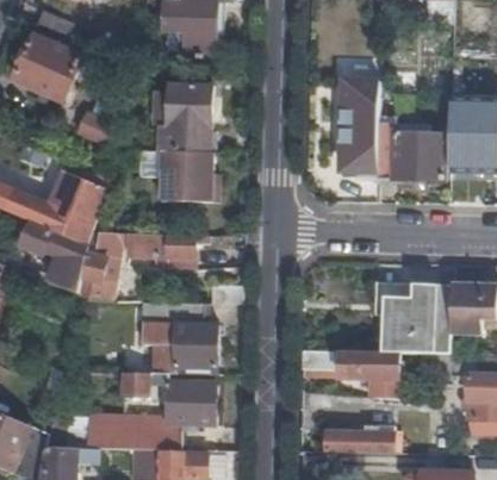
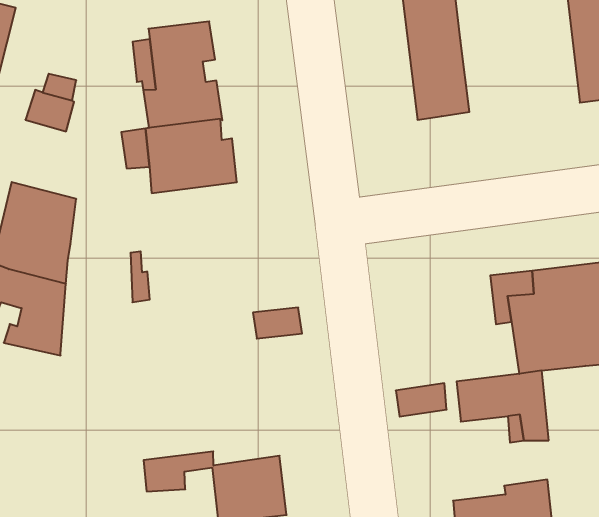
building: [377,121,445,180] -> none
building: [77,230,119,295] -> none
building: [154,231,194,262] -> none
building: [139,300,217,374] -> none

